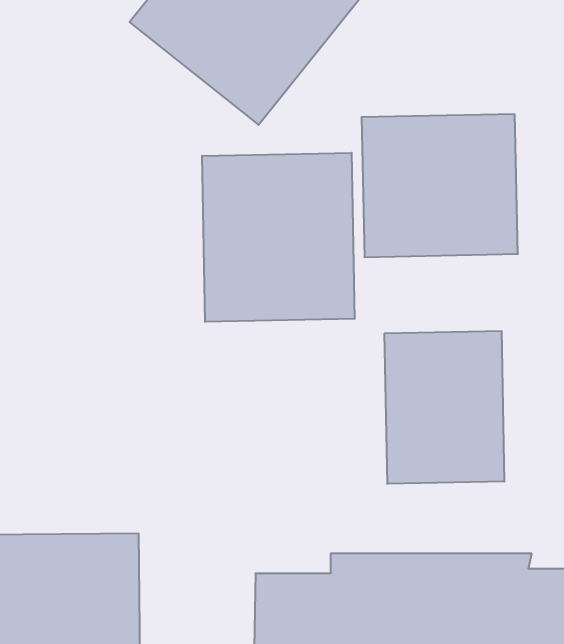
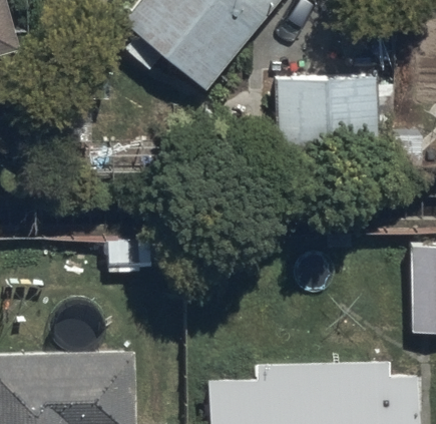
building: [202,153,355,322] -> none
building: [385,331,504,484] -> none

